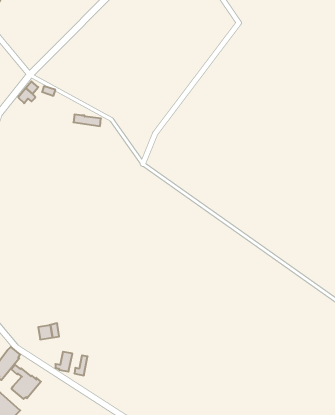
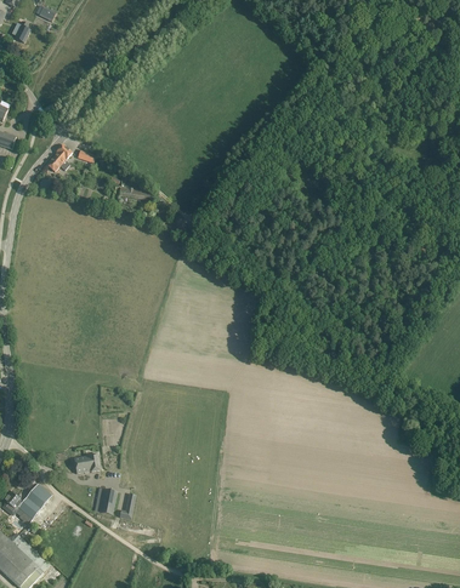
building: [11,365,41,399] -> none

